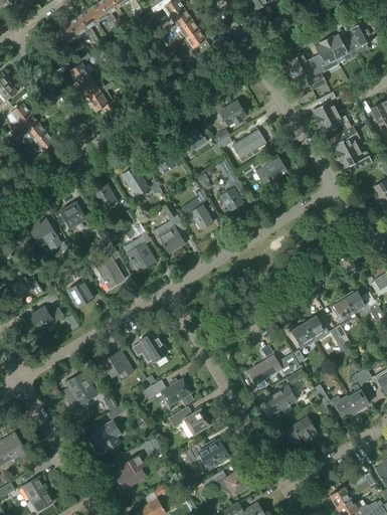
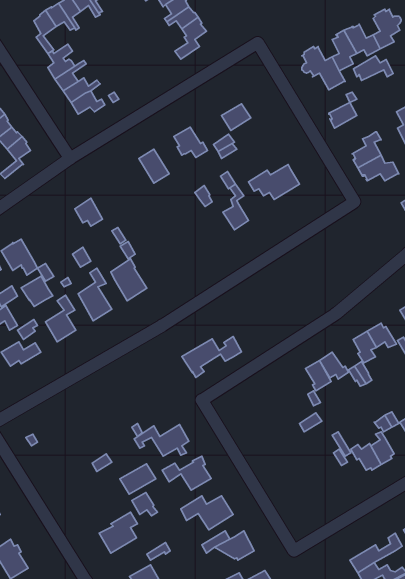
building: [317,113,351,134] -> [353,56,393,80]
building: [231,131,265,159] -> none
building: [123,167,161,198] -> none
building: [181,190,213,229] -> none
building: [59,202,86,228] -> [21,276,53,306]
building: [152,203,184,253] -> none
building: [133,331,167,362] -> none
building: [98,351,133,377] -> none
building: [247,354,299,389] -> [182,337,241,377]
building: [66,373,96,405] -> none
building: [265,387,296,414] -> none
building: [284,417,317,445] -> none
building: [89,421,121,448] -> [120,464,156,494]

